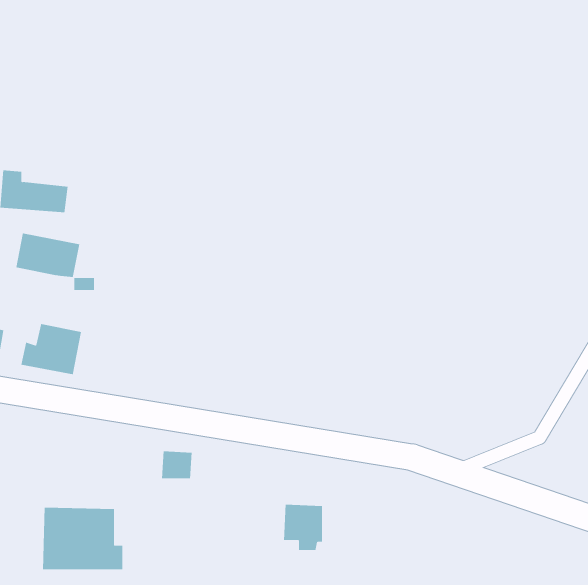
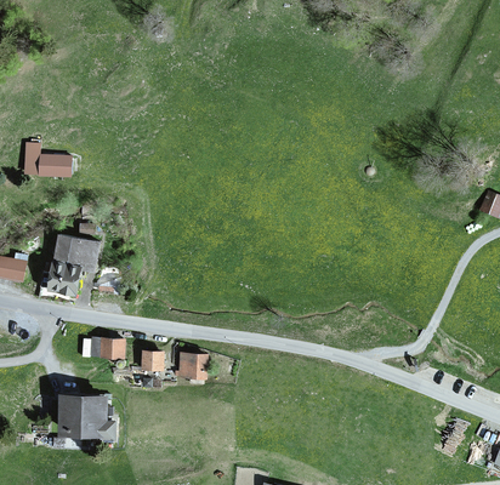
building: [16,233,80,277] -> [53,232,101,264]
building: none -> [89,335,125,359]
building: [283,504,323,550] -> [177,350,206,384]

